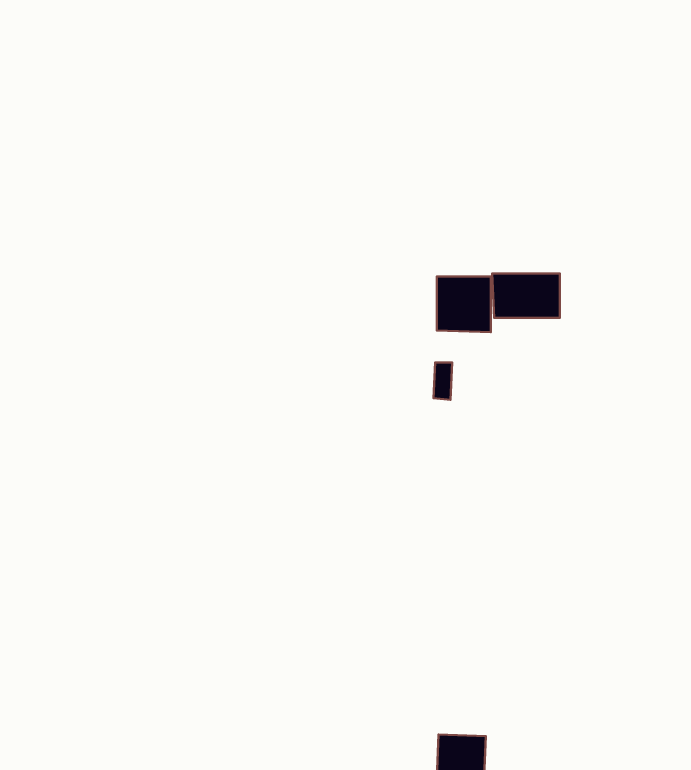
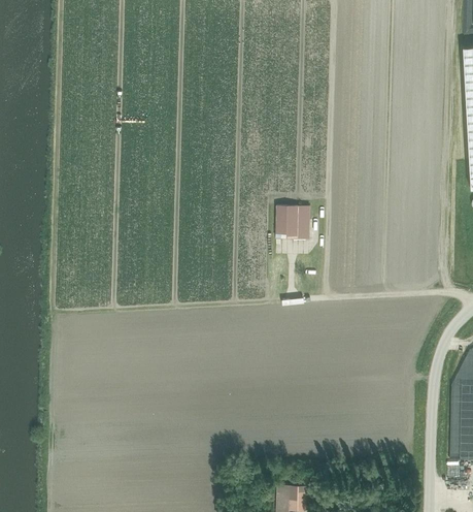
building: [492,273,560,318] -> none

